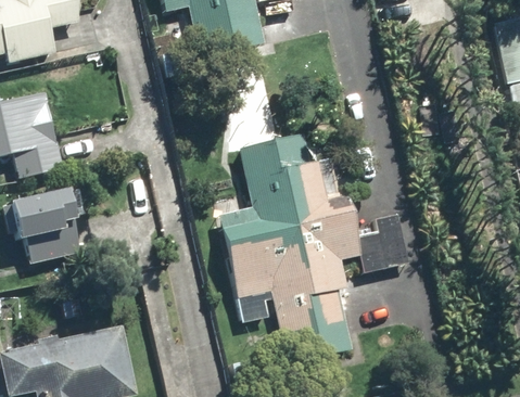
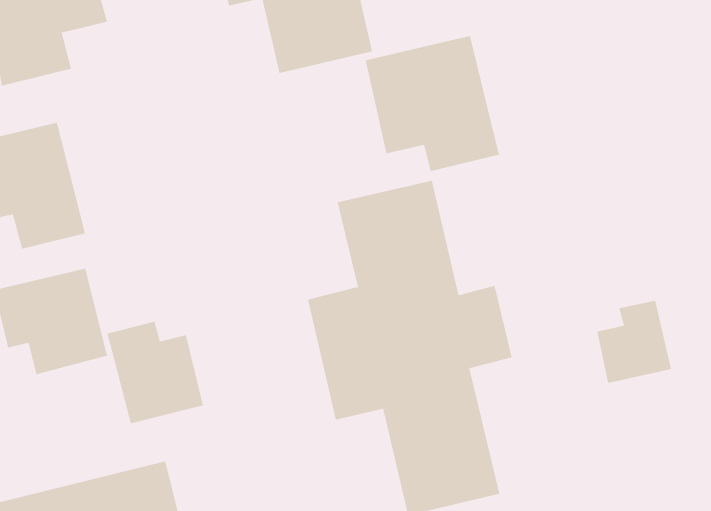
building: none -> [365,35,500,172]
building: [359,210,411,268] -> [596,300,672,383]
building: none -> [107,321,204,424]

